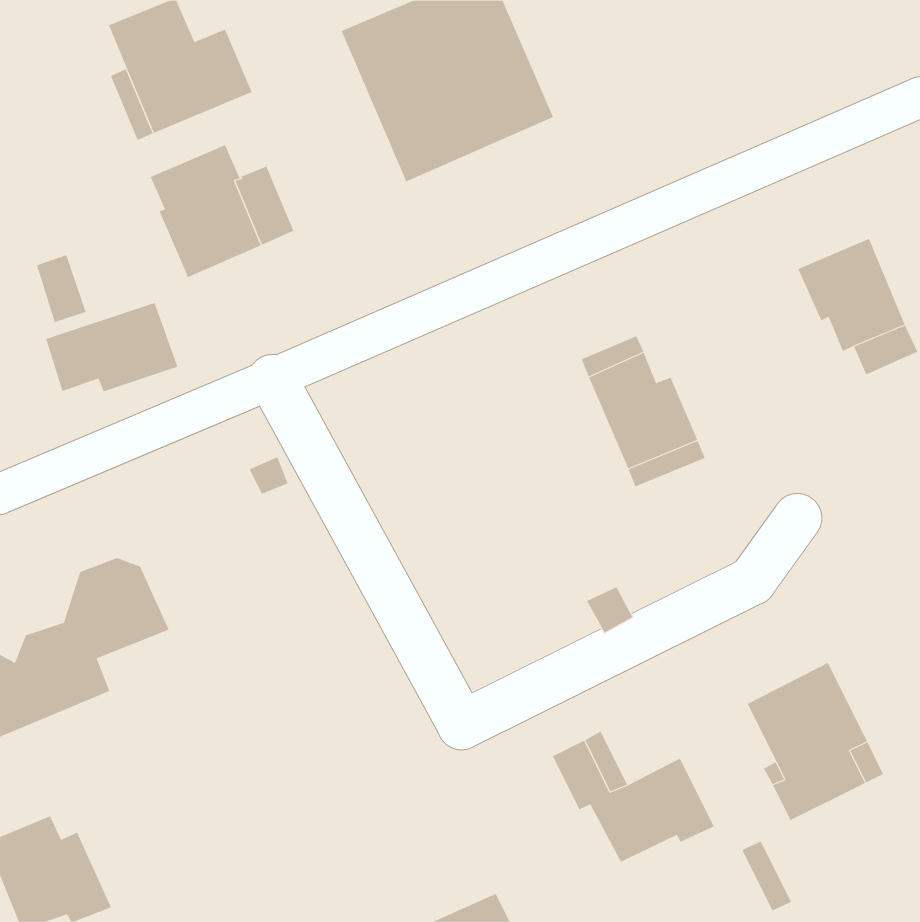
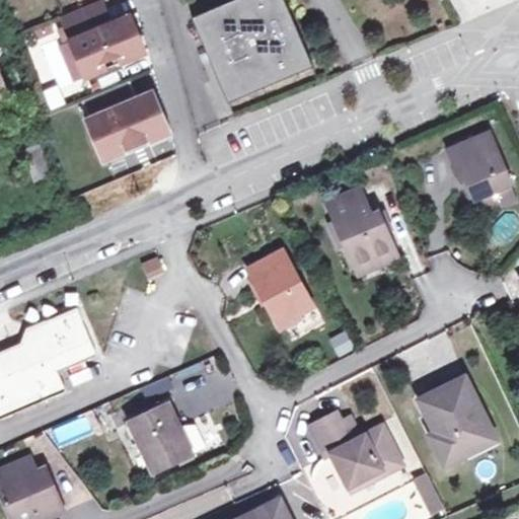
building: [46,302,178,392] -> none
building: none -> [247,250,312,323]
building: none -> [129,403,191,471]

